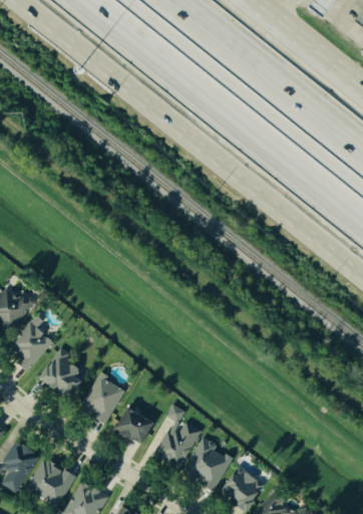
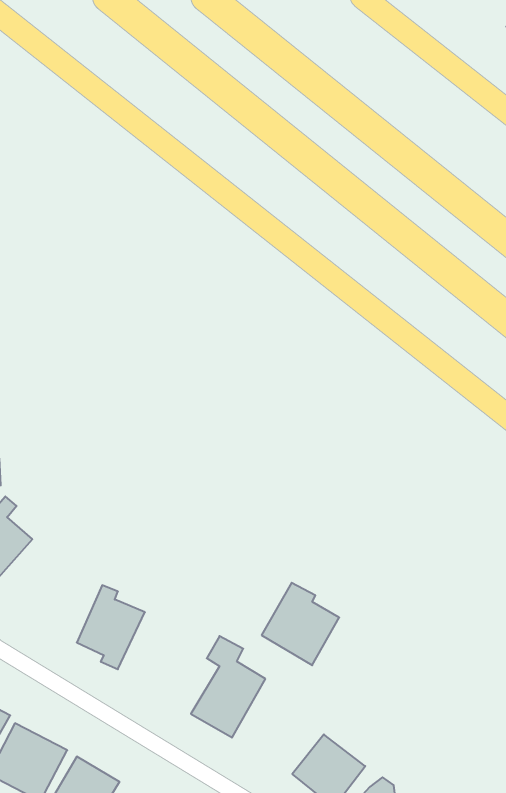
building: [38,346,86,399] -> none
building: [113,408,153,444] -> none
building: [184,437,233,489] -> [262,583,339,665]

